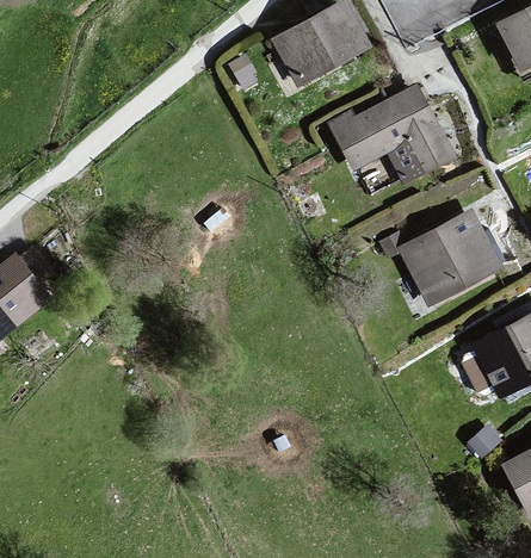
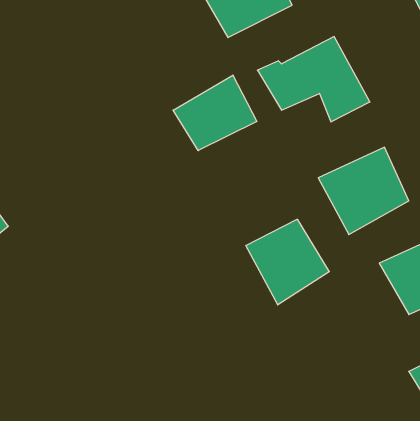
building: none -> [173,75,257,151]
building: none -> [246,219,329,305]

